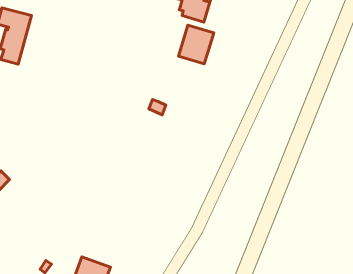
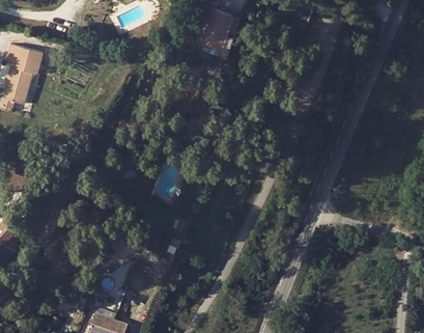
building: [178,25,214,64] -> none

